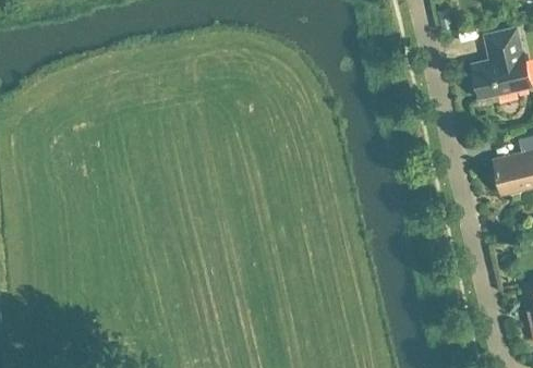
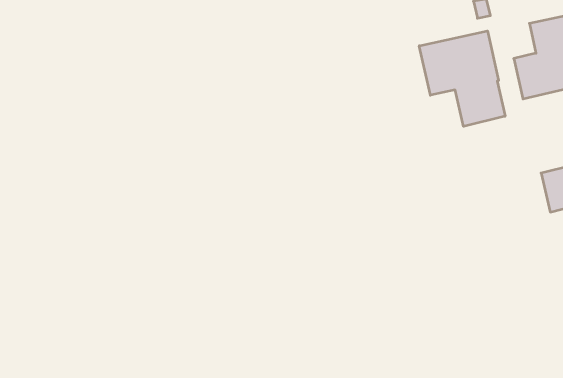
building: none -> [419,31,505,126]

